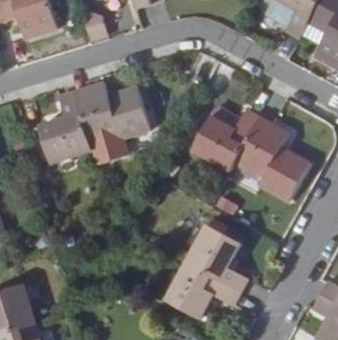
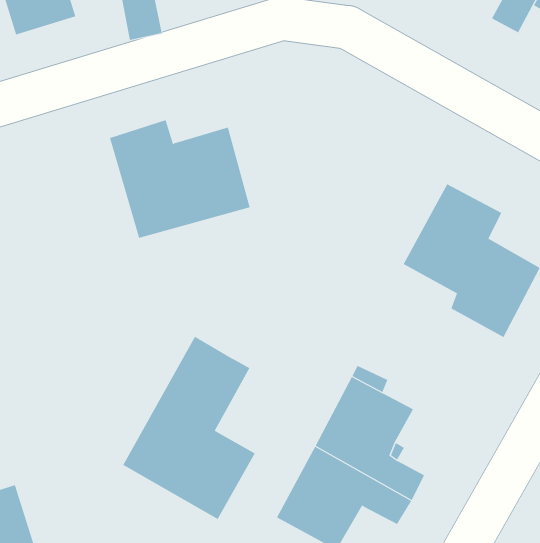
building: [39,93,92,164] -> none
building: [193,110,260,173] -> none
building: none -> [122,336,256,520]

